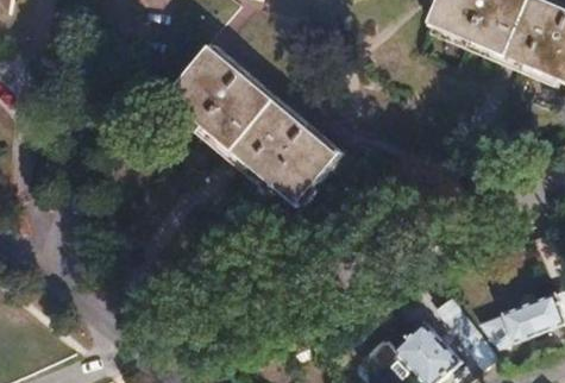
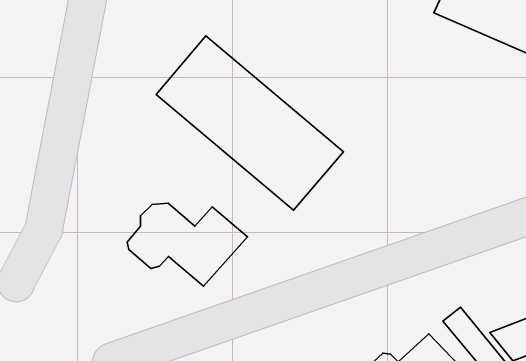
building: none -> [127,203,248,286]

